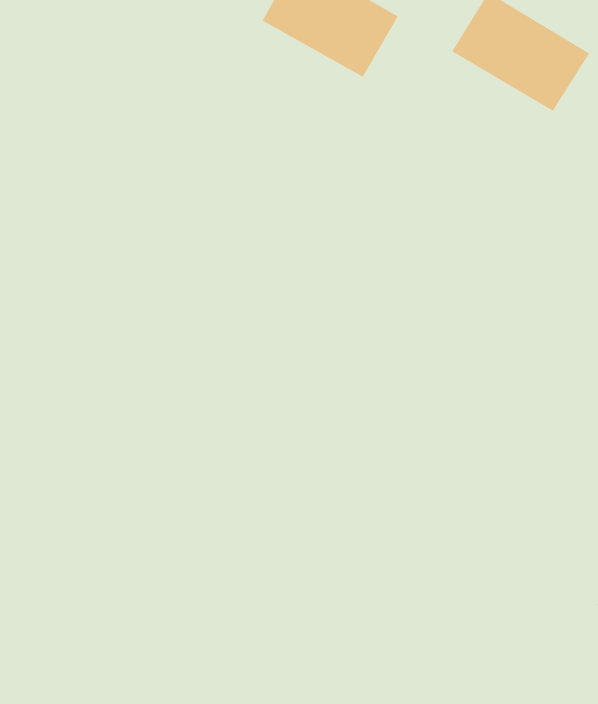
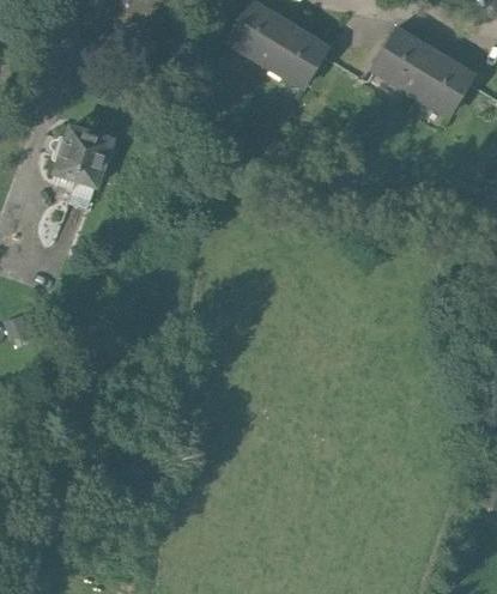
building: none -> [50,127,114,193]

